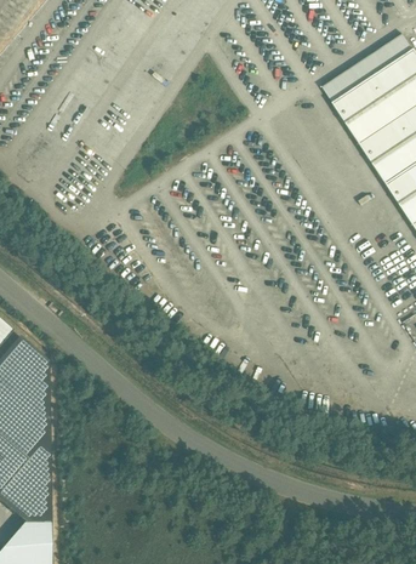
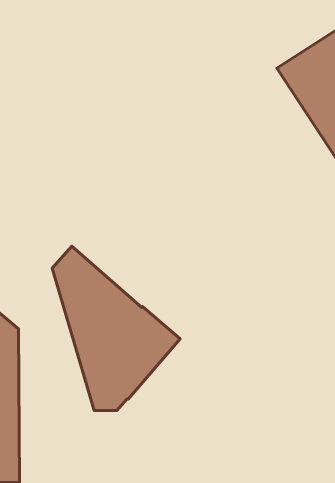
building: none -> [52,246,180,411]

